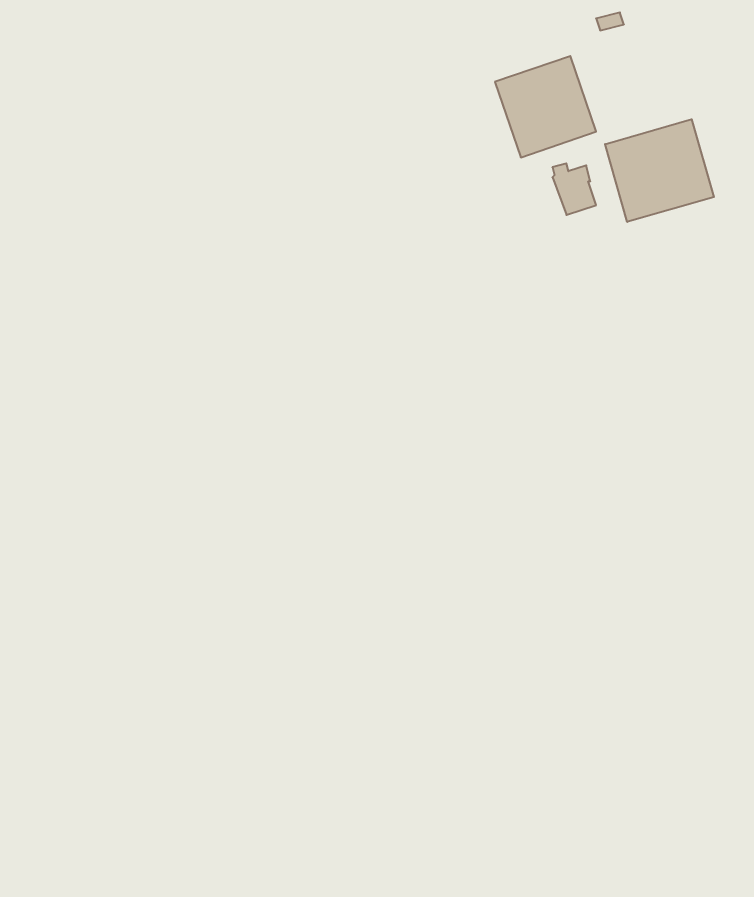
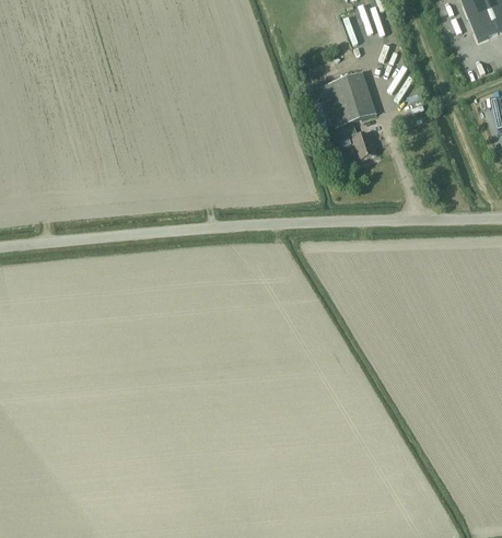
building: [605,119,714,222] -> none

